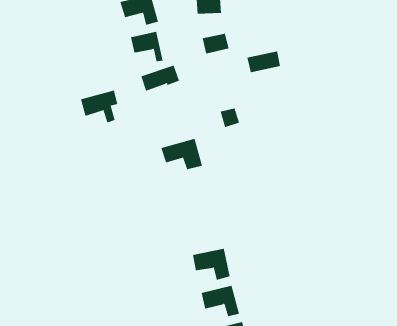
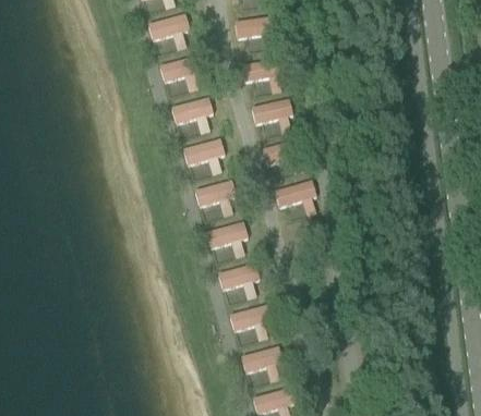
building: [246,51,281,73] -> [251,98,290,123]
building: [80,90,118,123] -> [182,137,226,175]
building: none -> [275,181,317,207]
building: none -> [206,221,250,258]
building: none -> [218,262,258,299]

